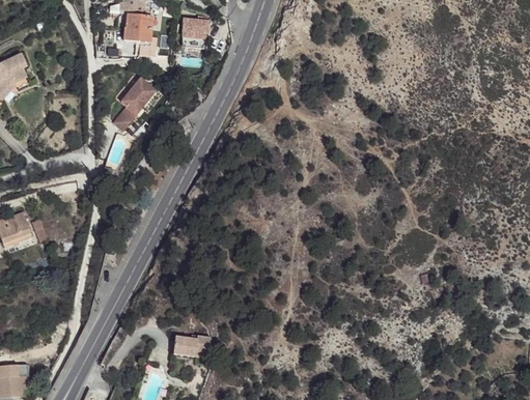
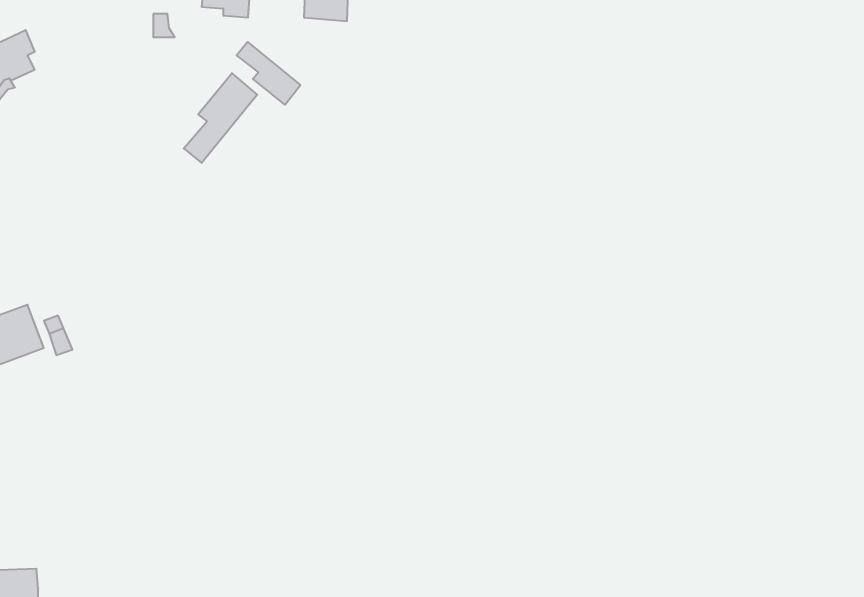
building: none -> [237,42,300,105]
building: [173,335,211,356] -> none

